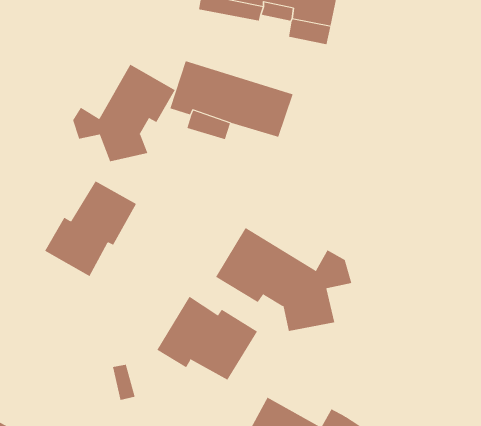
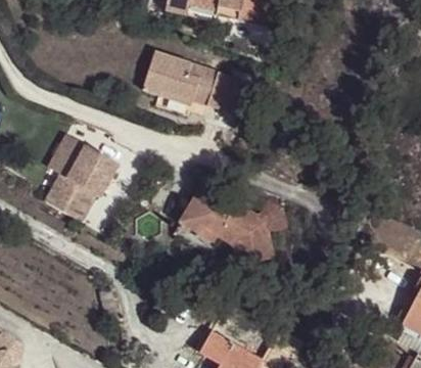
building: [73,64,176,162] -> none
building: none -> [47,134,85,177]
building: [156,296,258,381] -> none

